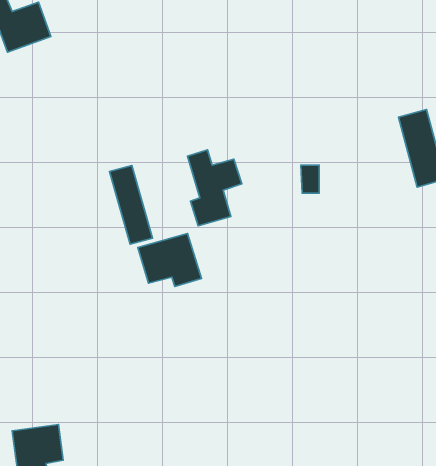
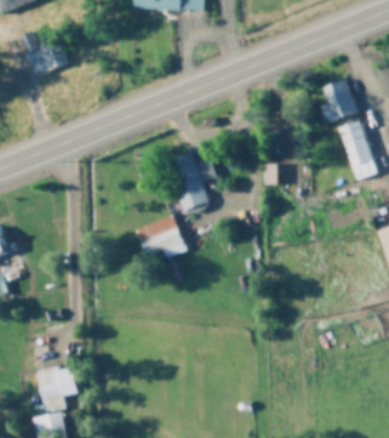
building: none -> [322,79,356,121]
building: [110,166,152,244] -> none

